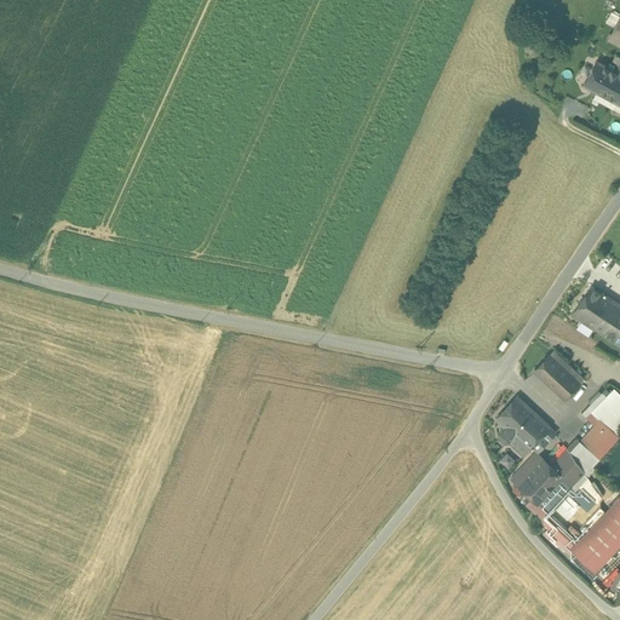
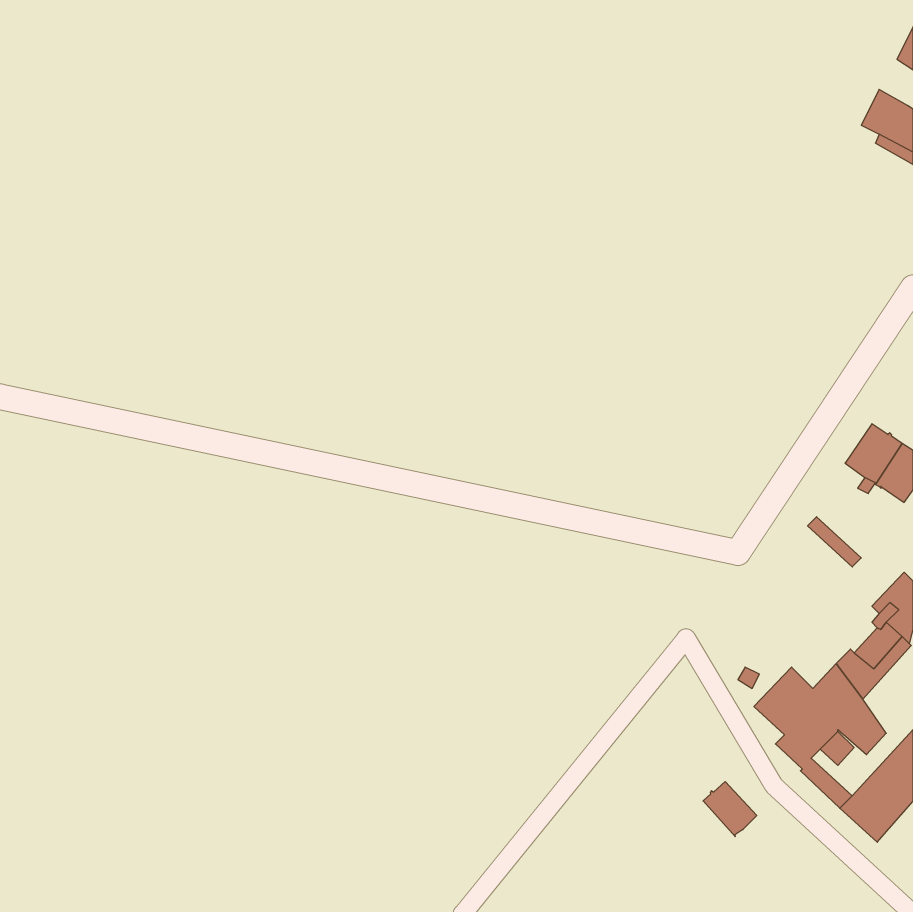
building: [534,357,578,400] -> none
building: [496,397,555,452] -> none
building: none -> [703,782,757,837]

